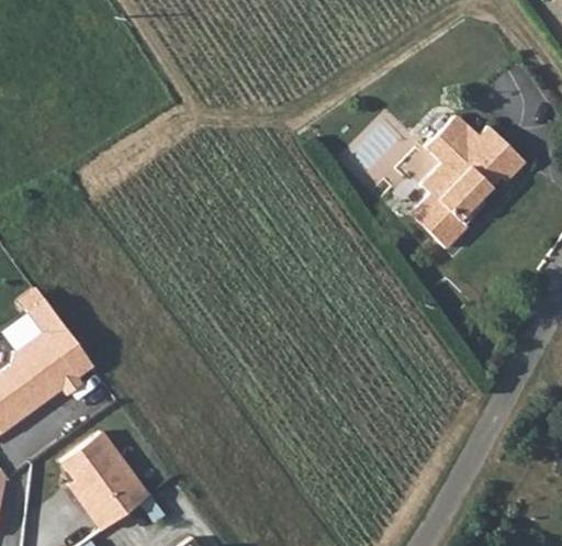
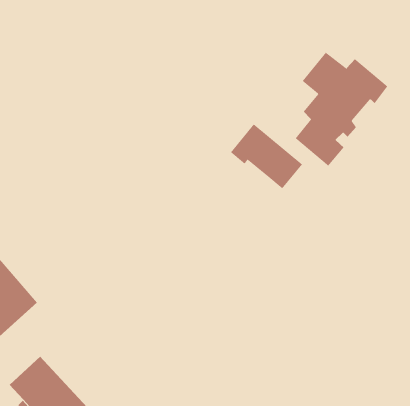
building: none -> [230,123,303,189]

